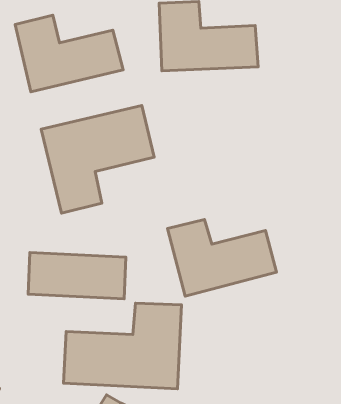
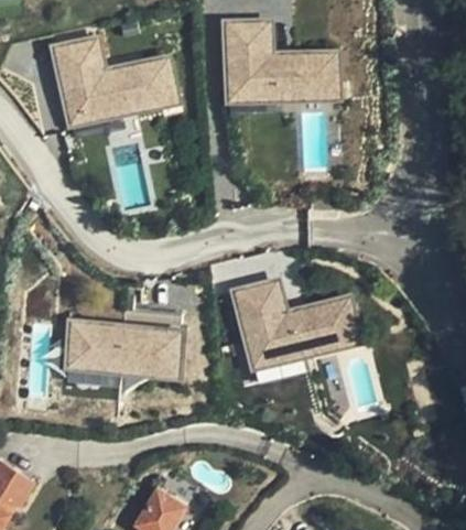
building: [41,105,154,213] -> none
building: [63,303,181,389] -> none

